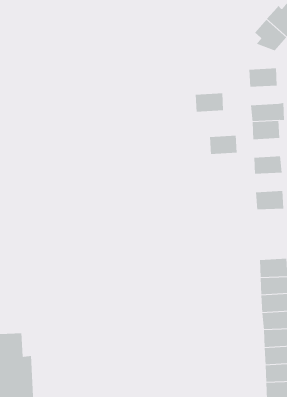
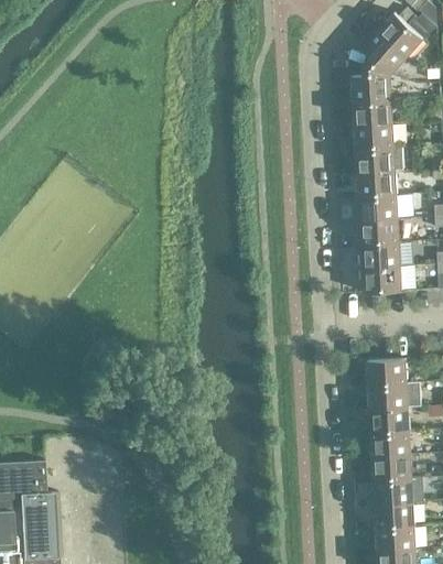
building: none -> [352,66,391,101]
building: [195,93,224,112] -> [354,123,393,150]
building: [209,135,237,154] -> [358,195,397,221]
building: none -> [360,242,400,269]

